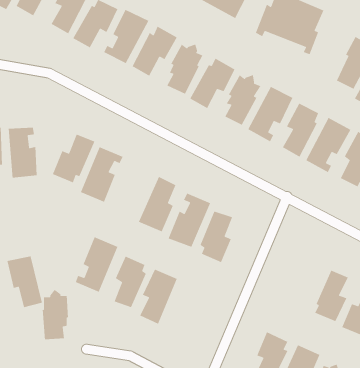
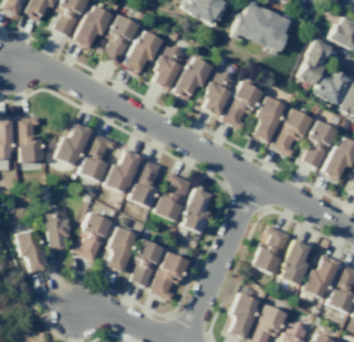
building: none -> [105,149,143,191]
building: none -> [252,225,291,273]
building: none -> [152,251,189,299]
building: [42,289,69,340] -> [48,203,71,247]

